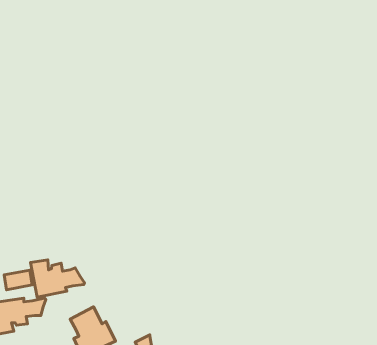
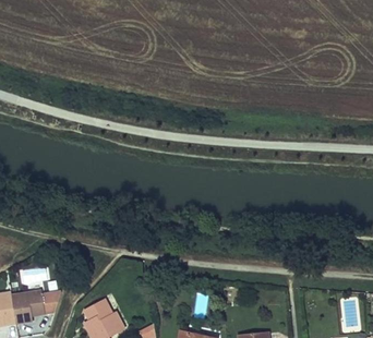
building: [30,260,84,297] -> none

